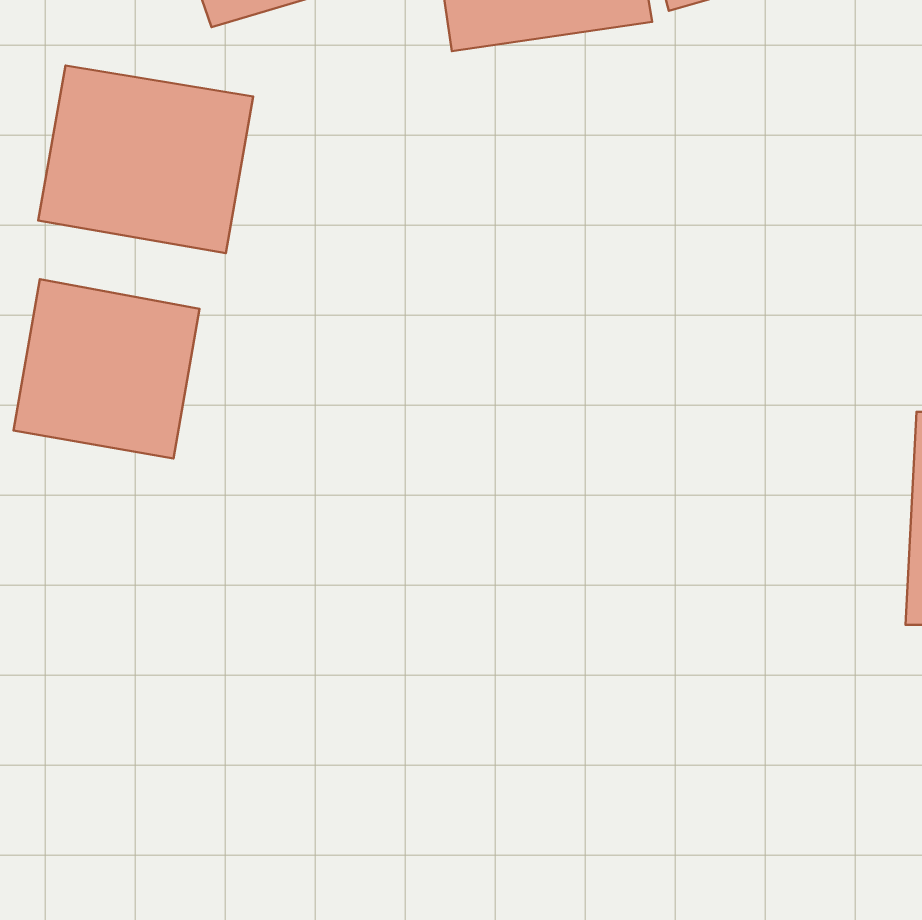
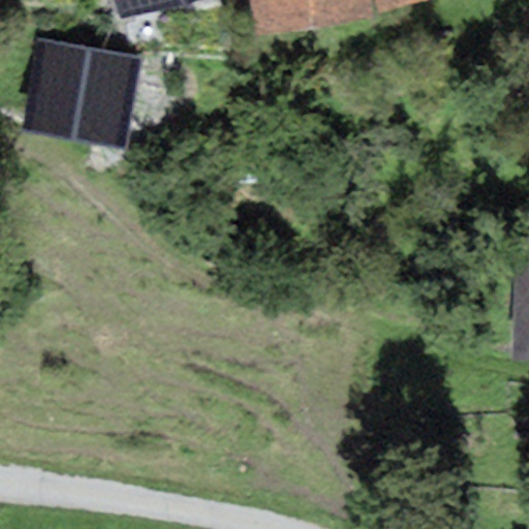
building: [14,279,199,458] -> none

